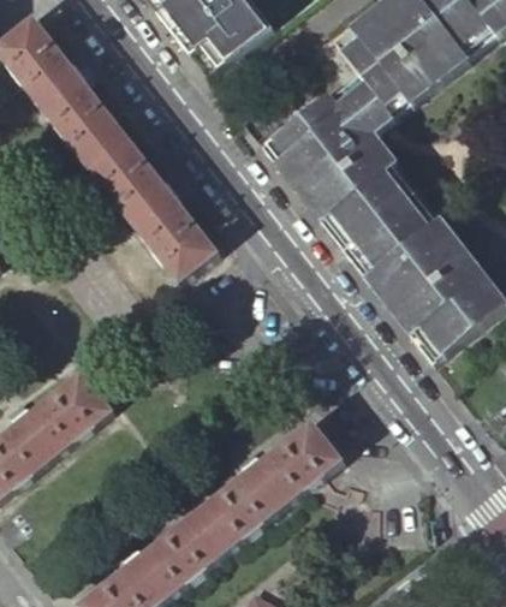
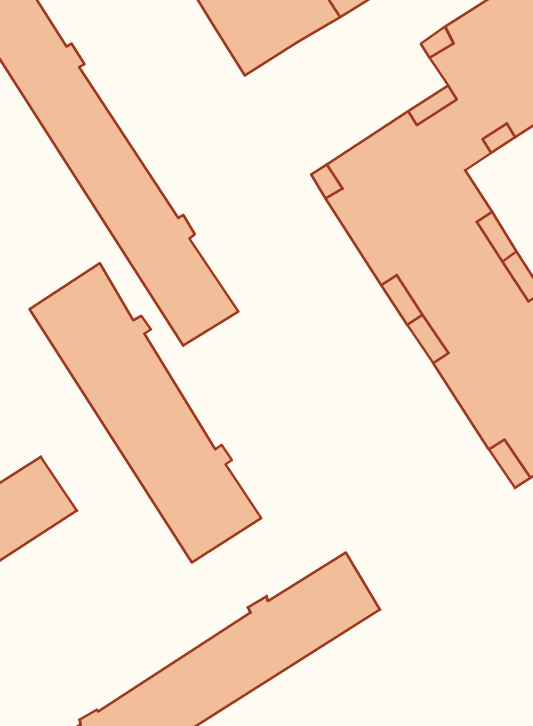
building: none -> [30,263,261,562]

